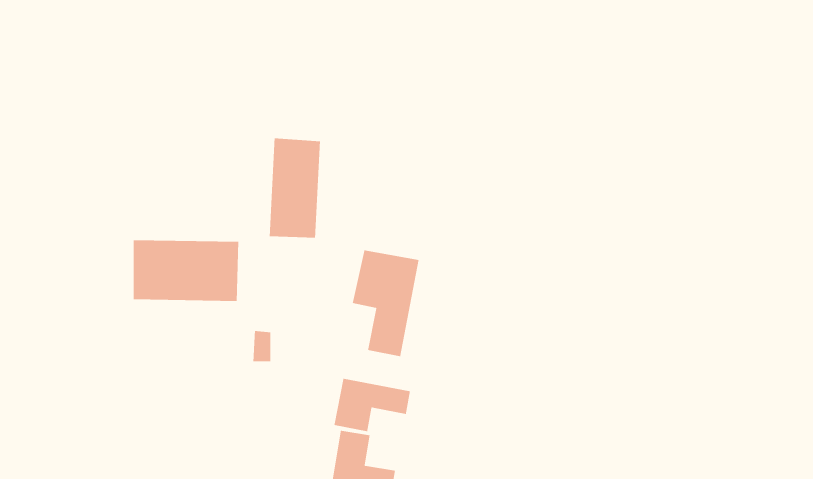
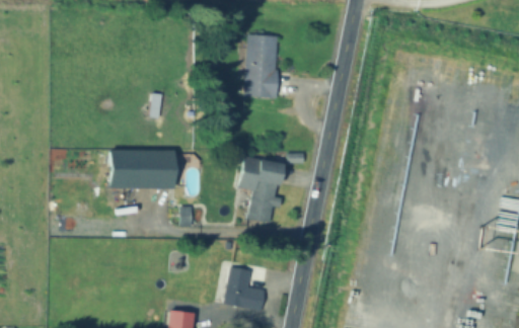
building: [269,138,321,239] -> [246,34,278,95]
building: [334,378,411,432] -> none

